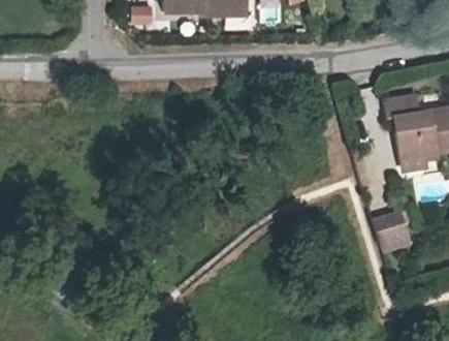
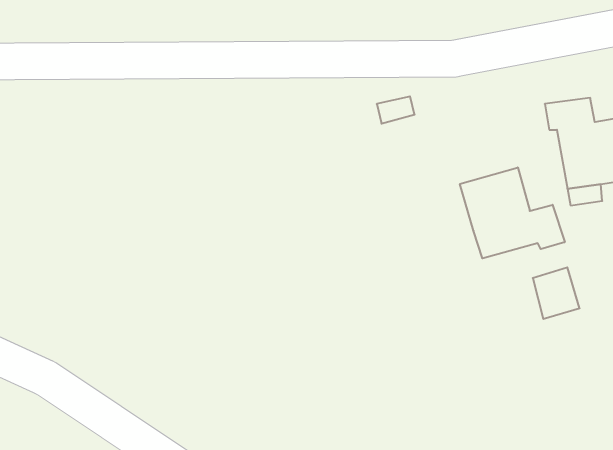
building: none -> [460,167,565,258]

